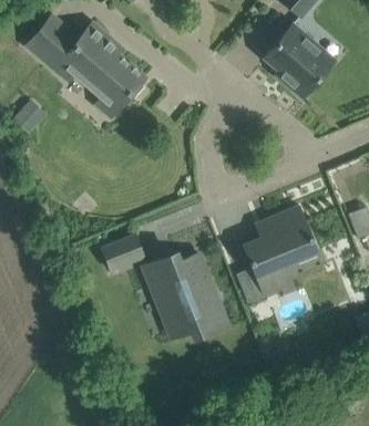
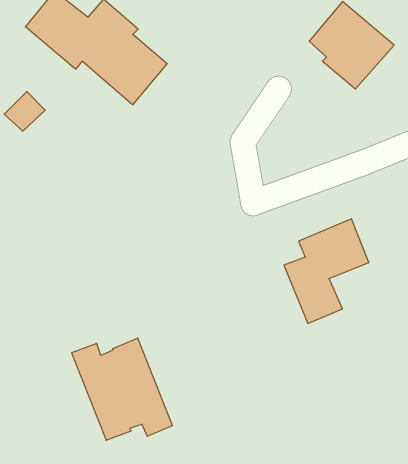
building: [100,232,145,272] -> none
building: [142,252,226,337] -> [72,338,172,440]

